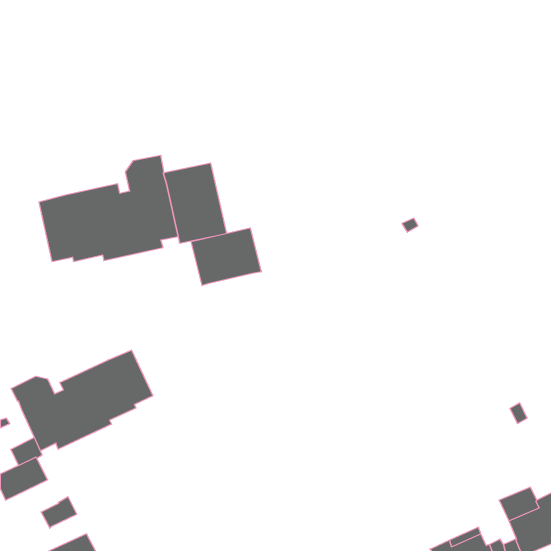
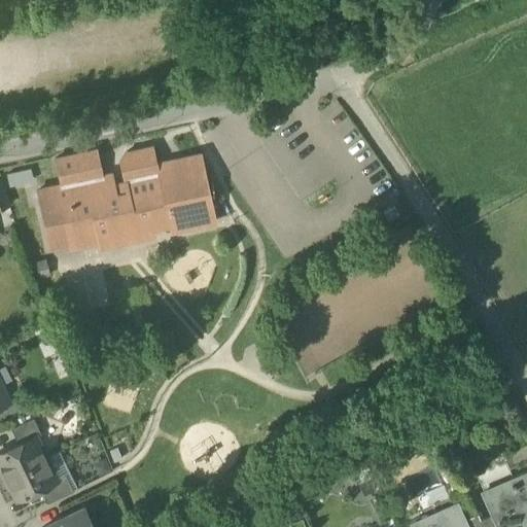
building: none -> [56,152,104,187]
building: [191,228,261,286] -> none
building: [11,350,153,451] -> none
building: none -> [6,458,57,500]

